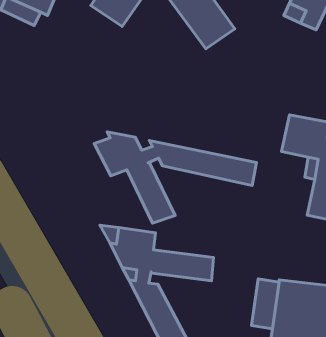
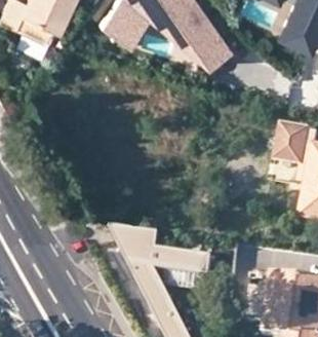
building: [94,132,257,223] -> none

